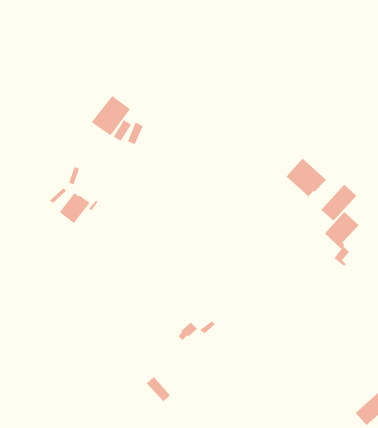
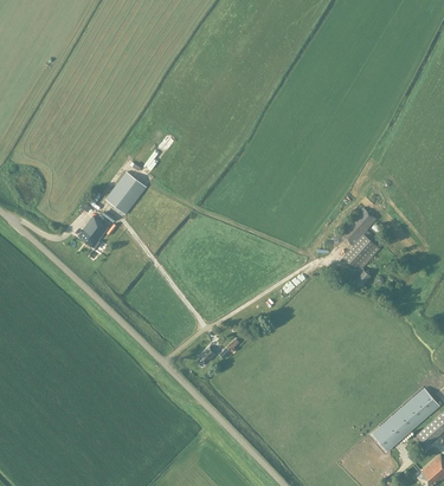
building: [91,95,131,136] -> [107,171,147,213]
building: [286,158,327,197] -> none

